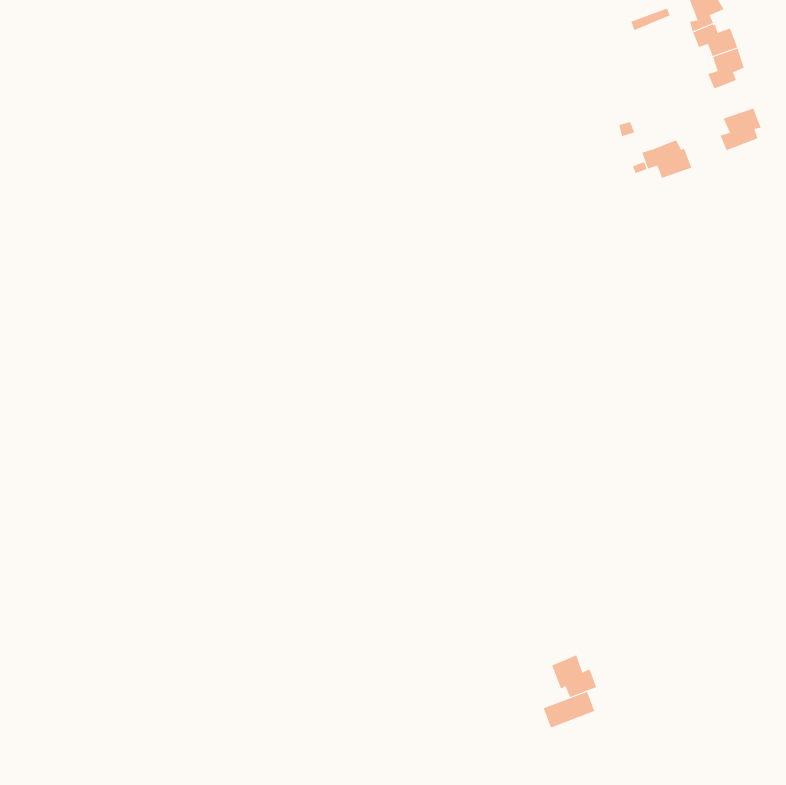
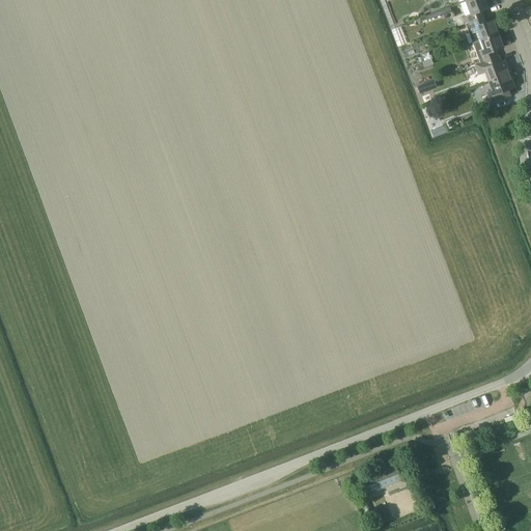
building: [641,140,692,179] -> [474,54,508,80]
building: [552,655,597,698] -> none

